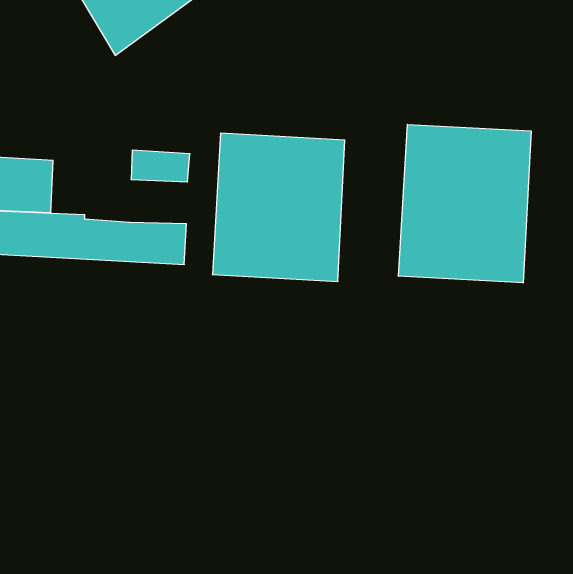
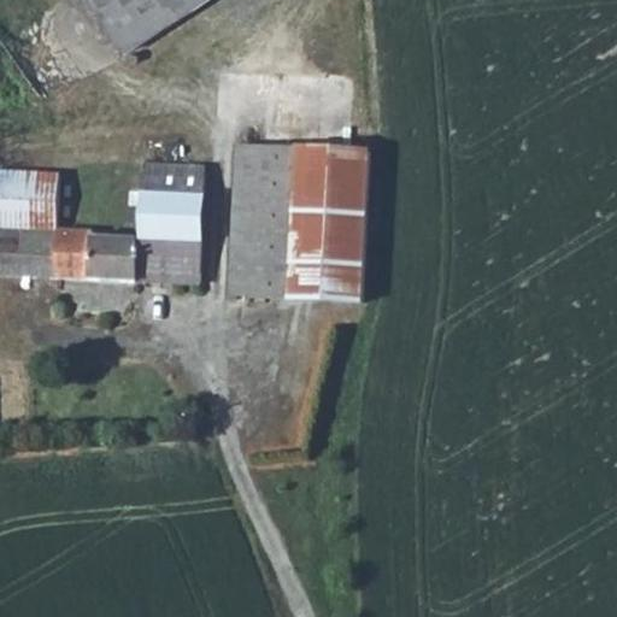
building: [398,124,531,283] -> none
building: none -> [139,192,200,239]

